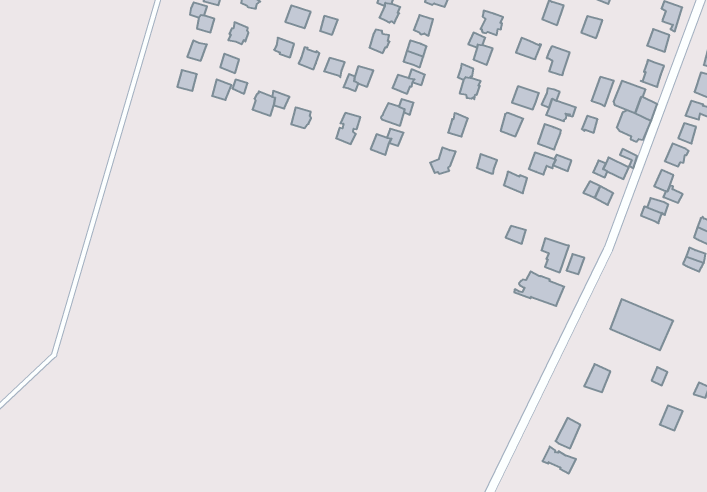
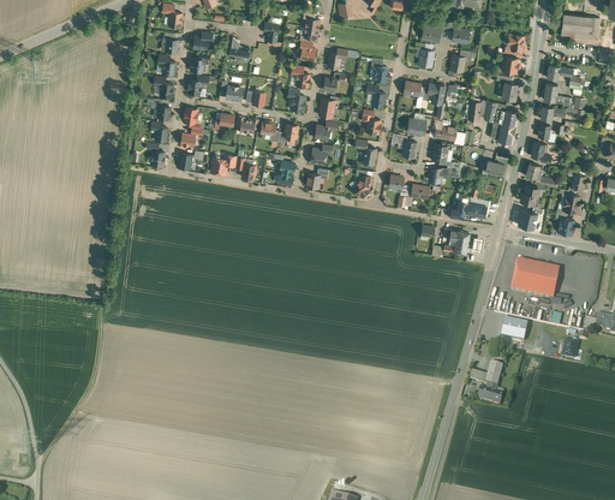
building: [514,271,564,306] -> [452,192,489,215]

